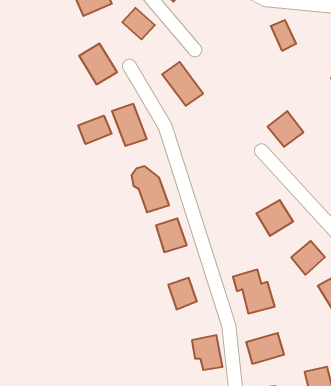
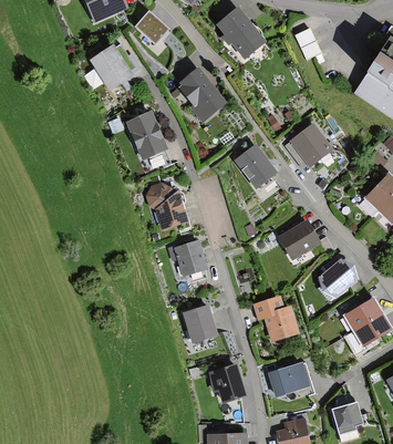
building: none -> [215,10,261,61]
building: [78,116,112,144] -> none
building: none -> [235,146,273,188]

